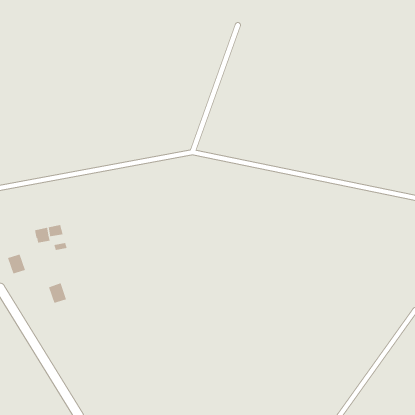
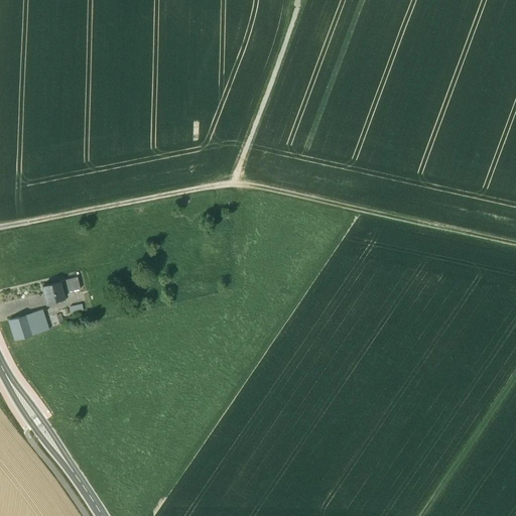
building: [48,282,67,304] -> [25,309,48,336]

